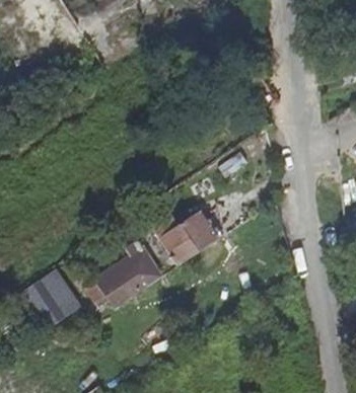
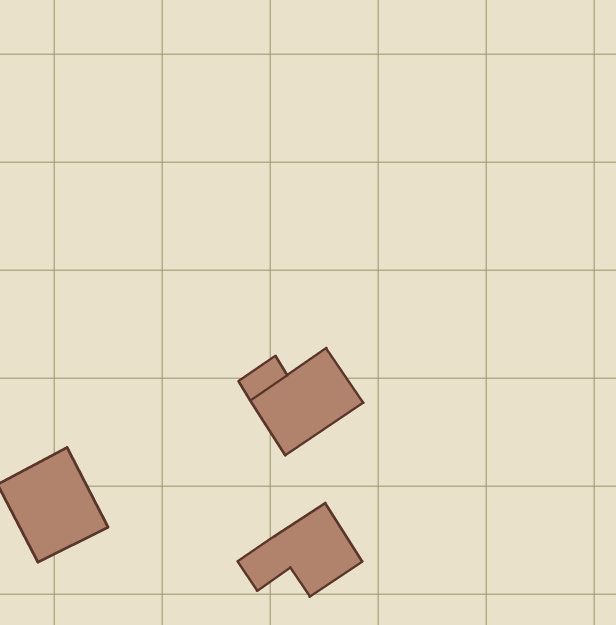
building: [92,250,157,299] -> [238,503,362,597]

